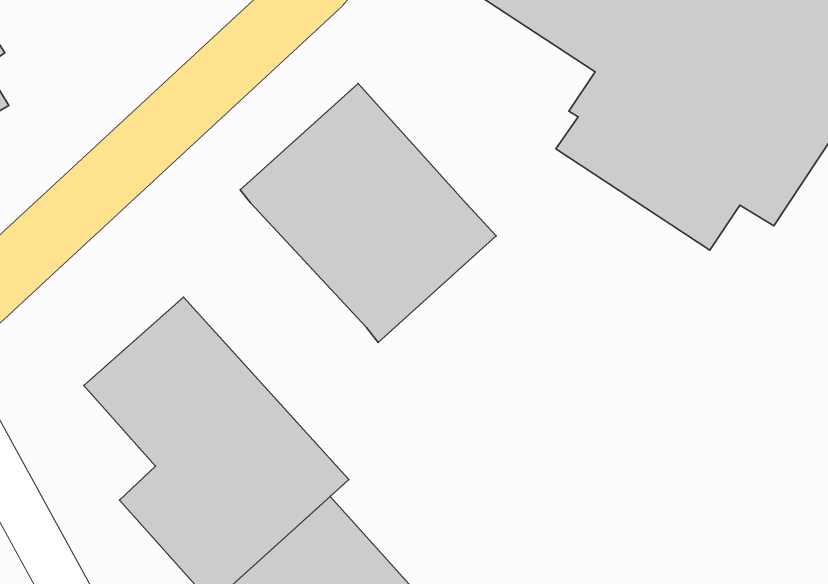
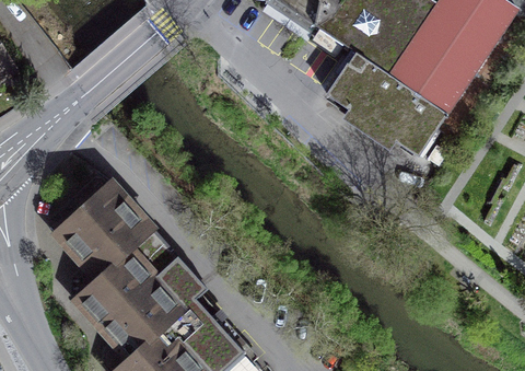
building: [240,83,496,342] -> none

